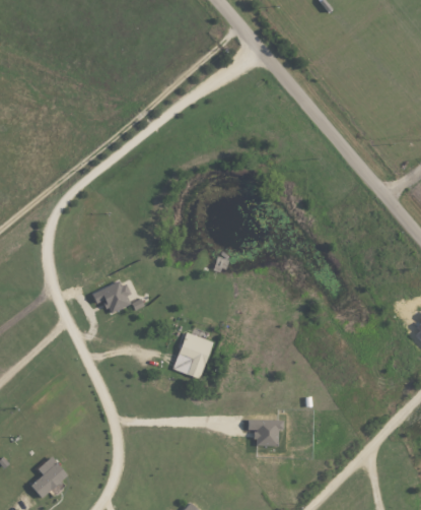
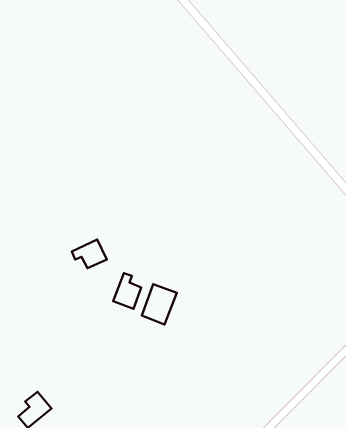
building: none -> [113,273,141,309]
building: [247,420,282,446] -> none

